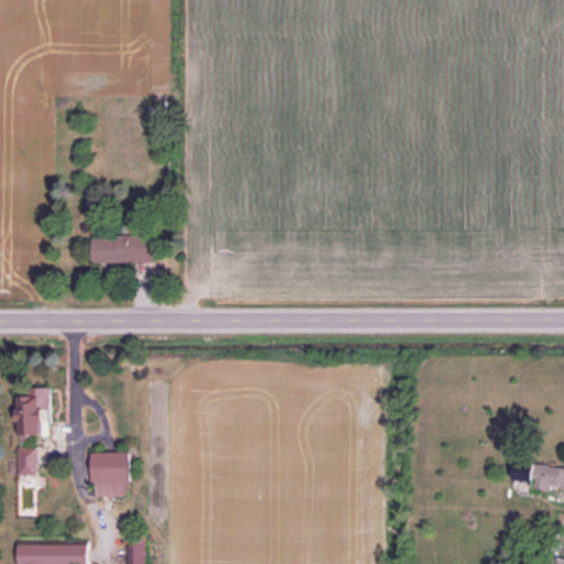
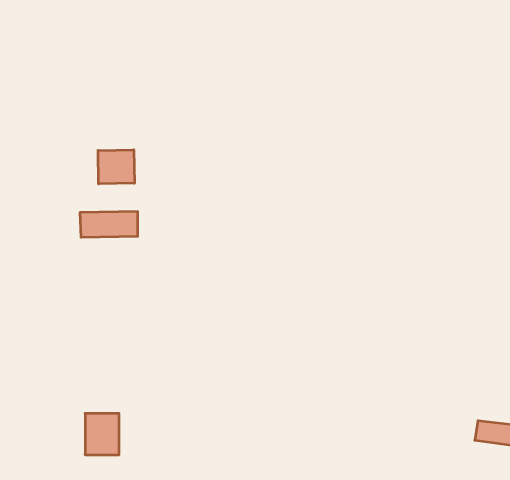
building: none -> [98,150,134,184]
building: [17,388,50,475] -> none

